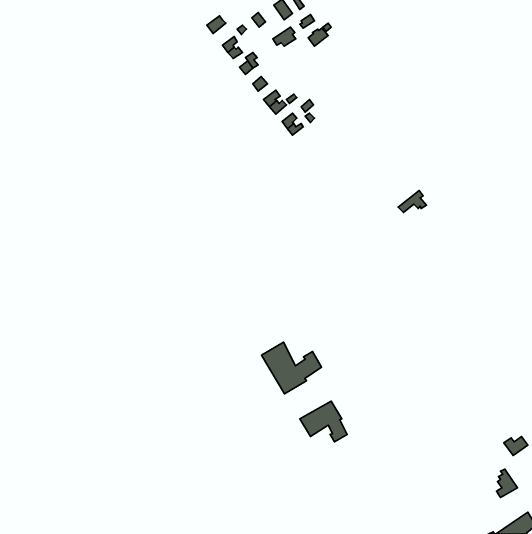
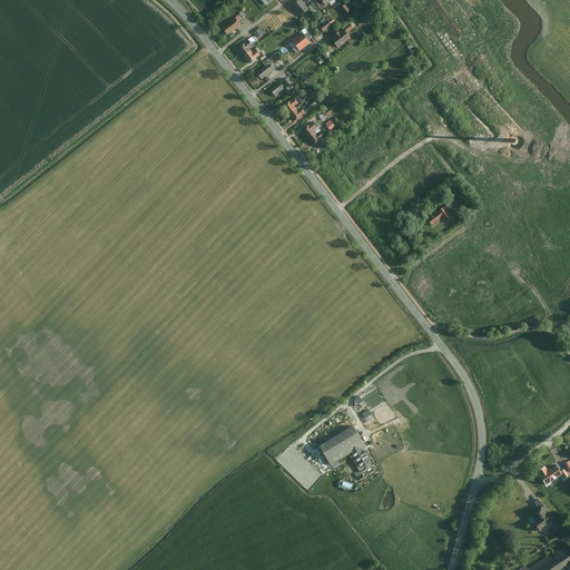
building: [261,342,322,394] -> none

